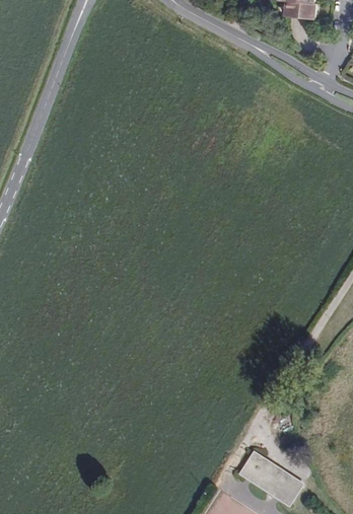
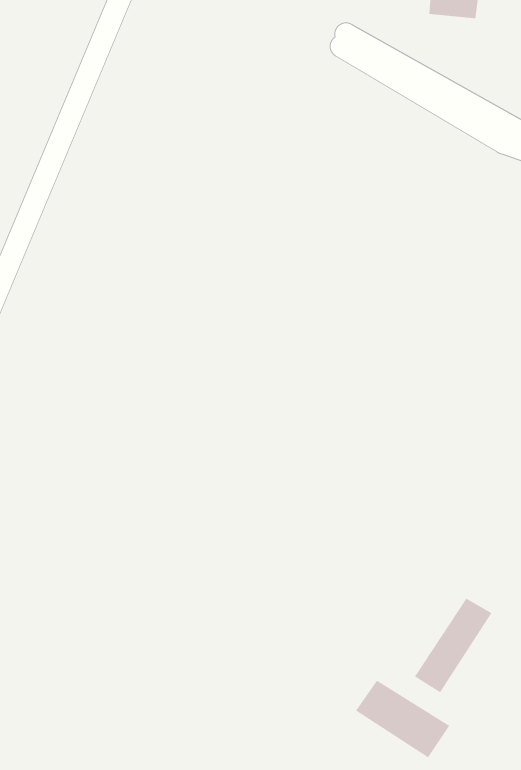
building: none -> [414,598,492,693]

